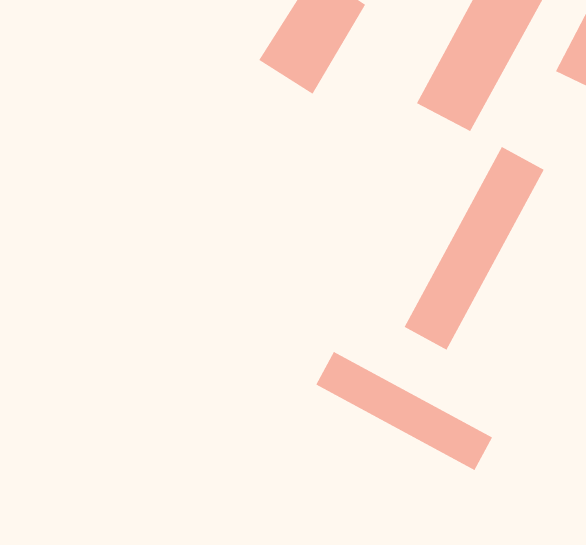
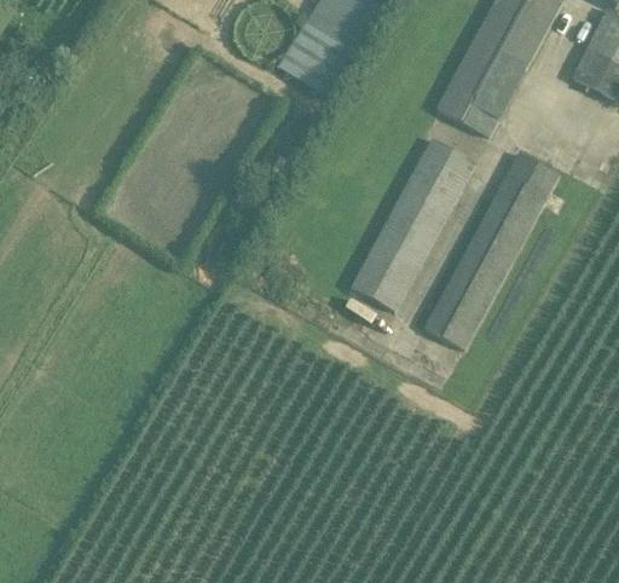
building: none -> [351,137,476,312]
building: [315,351,493,471] -> none

